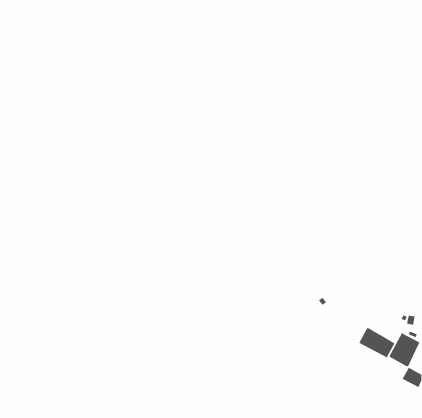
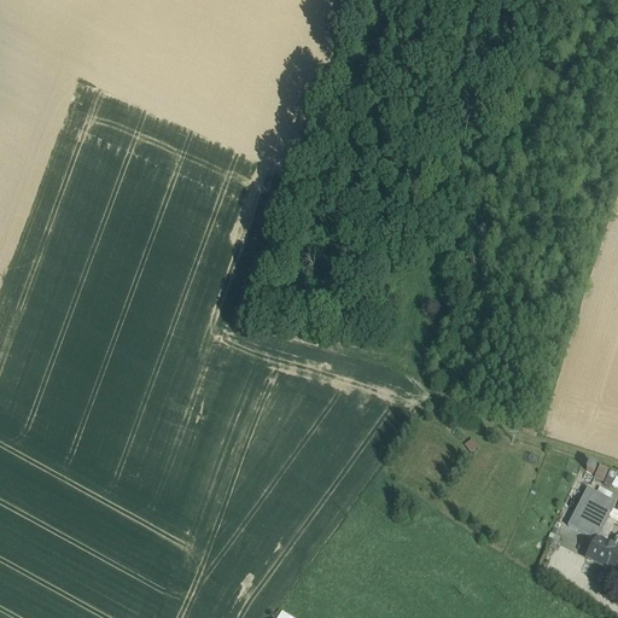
building: [358,327,396,358] -> none

